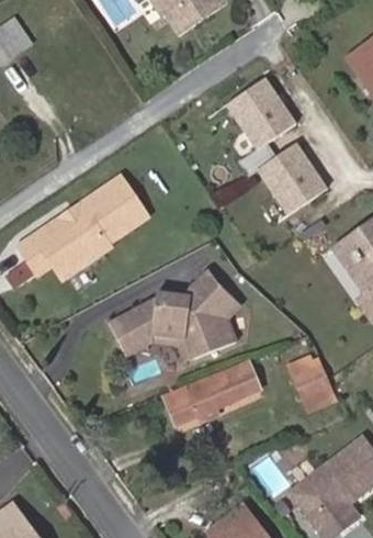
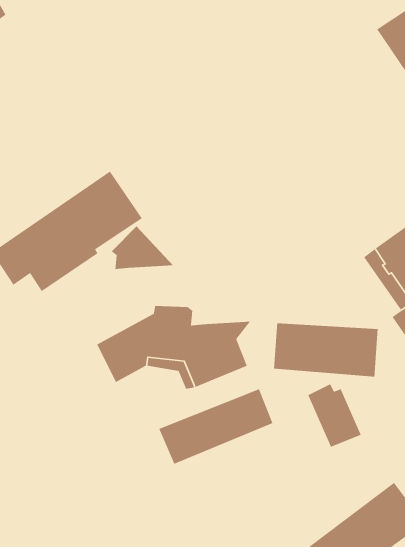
building: [227,76,329,214] -> none
building: [188,269,241,306] -> [111,226,174,270]
building: none -> [273,323,378,378]

